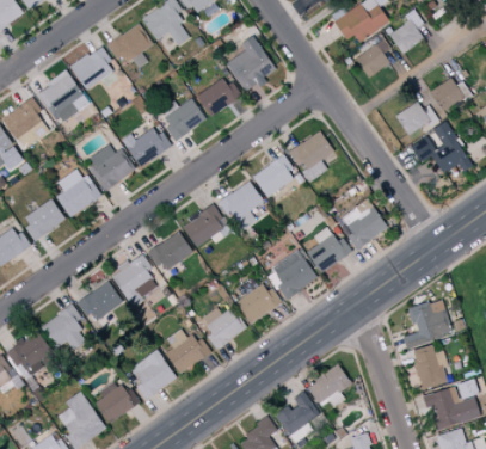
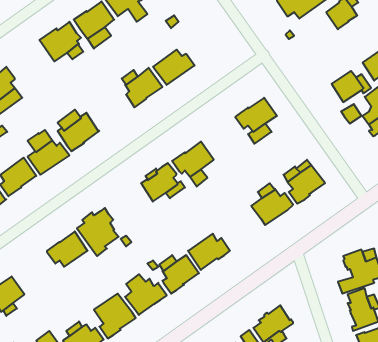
building: [355,32,390,79] -> none
building: [226,36,276,92] -> none
building: [37,70,87,123] -> none
building: [122,128,172,167] -> none
building: [252,154,294,197] -> none
building: [148,232,193,270] -> none
building: [272,250,318,300] -> none
building: [41,303,86,350] -> none

